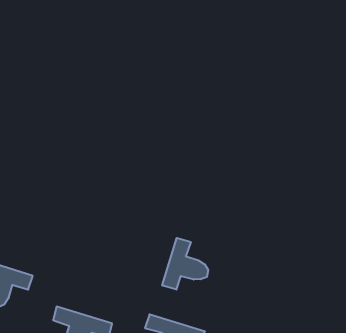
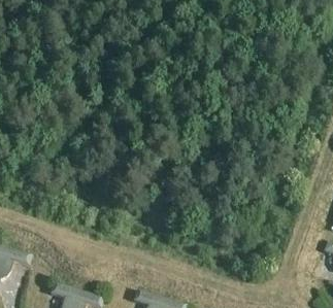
building: [162,238,208,290] -> none

